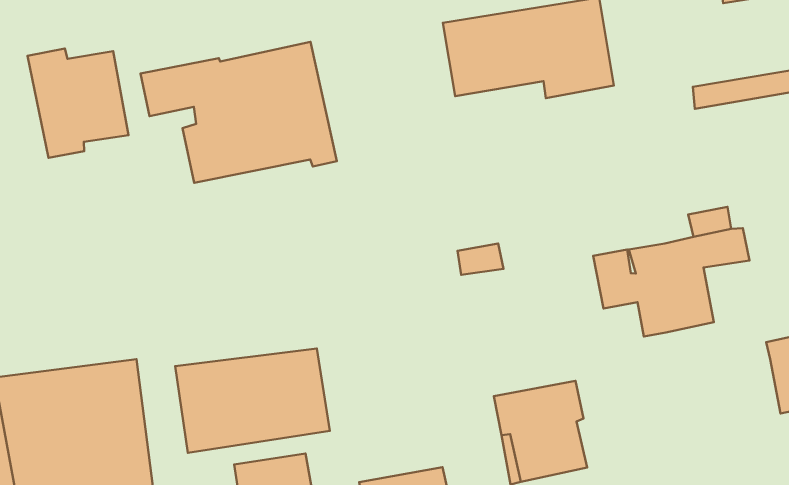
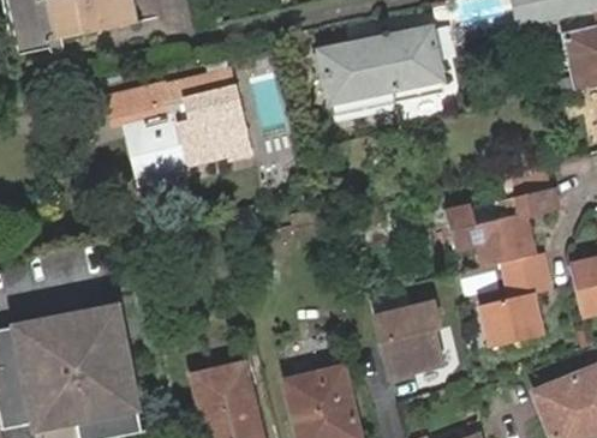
building: [28,48,128,158] -> none
building: none -> [478,251,550,350]
building: [175,349,330,453] -> none

